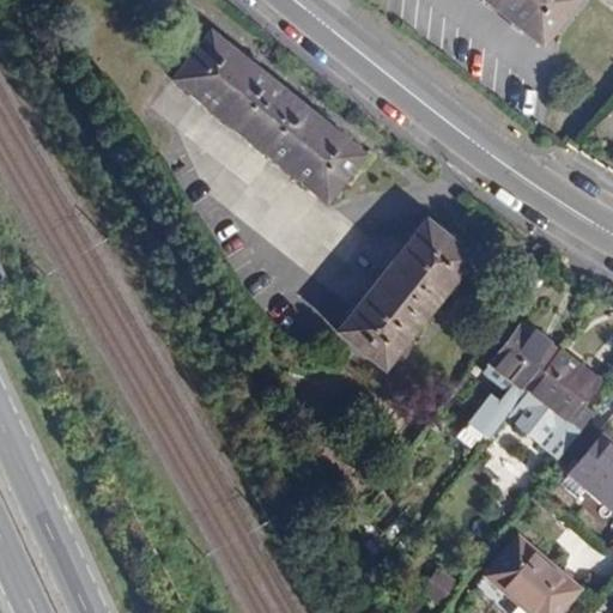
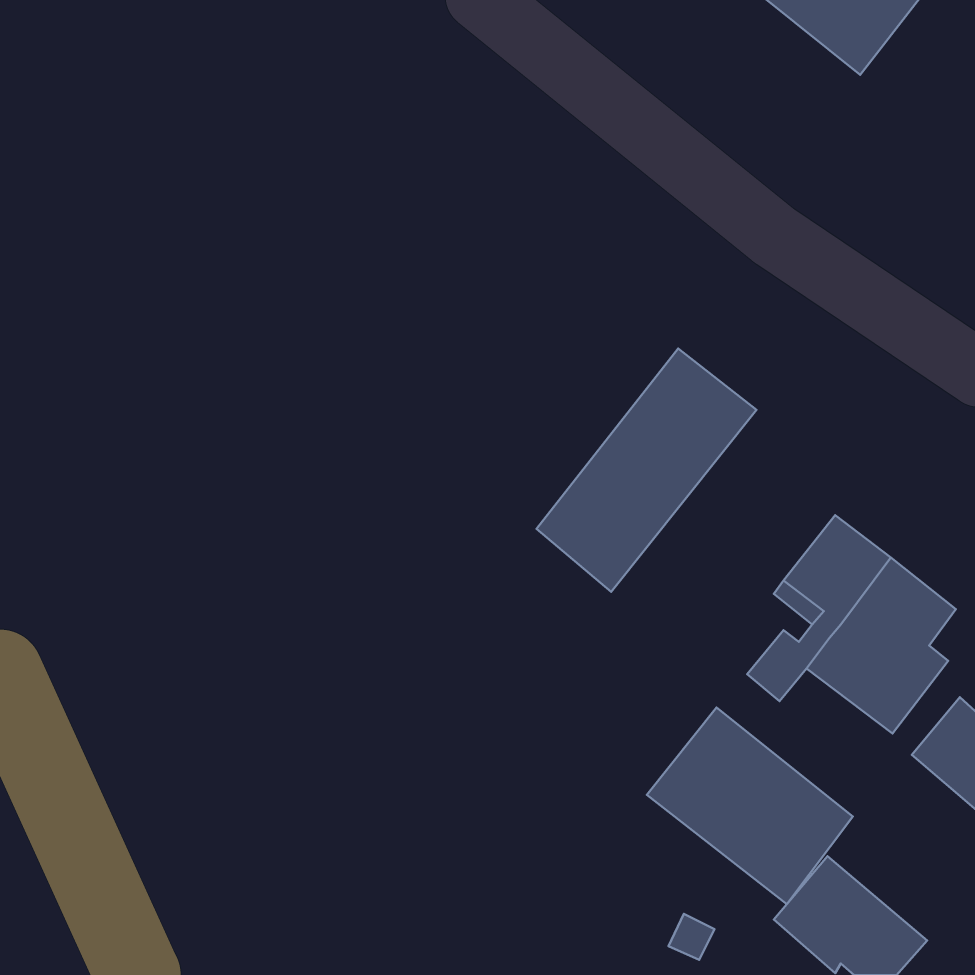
building: [174,31,366,202] -> none
building: none -> [647,707,853,904]

